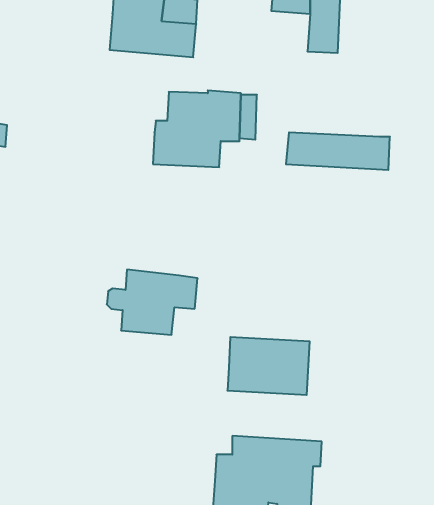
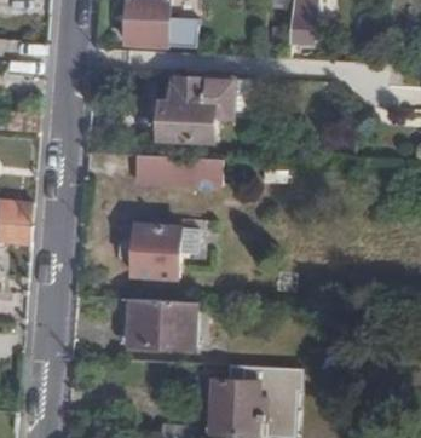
building: [286,132,390,170] -> [134,157,221,189]
building: [227,337,310,395] -> [127,300,196,348]

